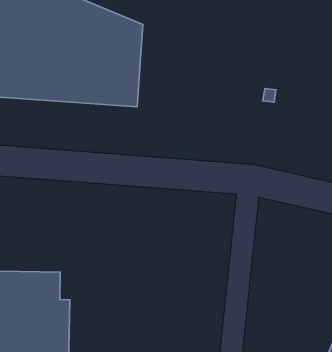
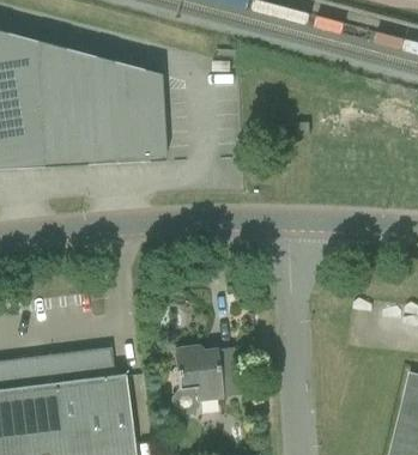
building: none -> [170,344,235,414]

